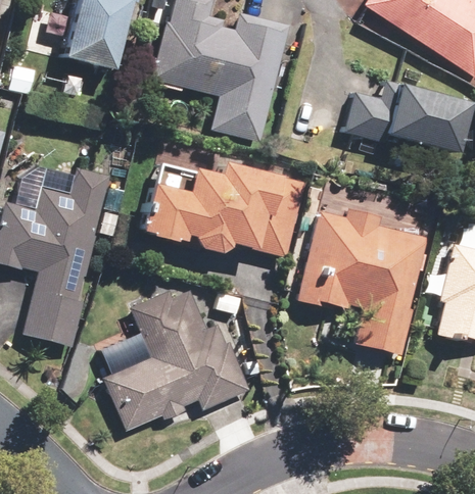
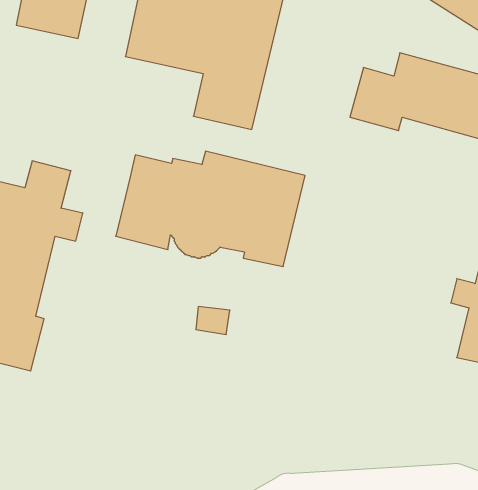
building: [299,204,425,352] -> none
building: [100,289,258,432] -> none

